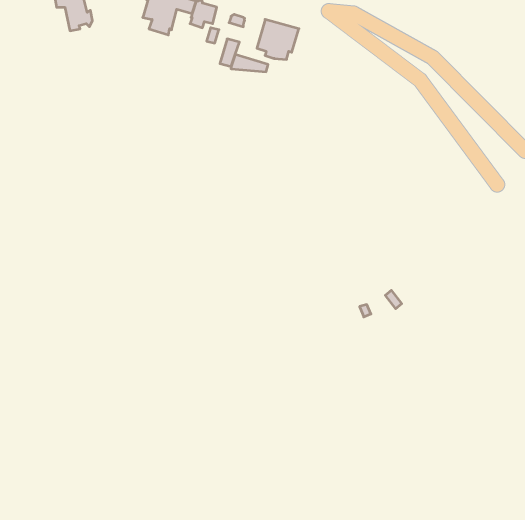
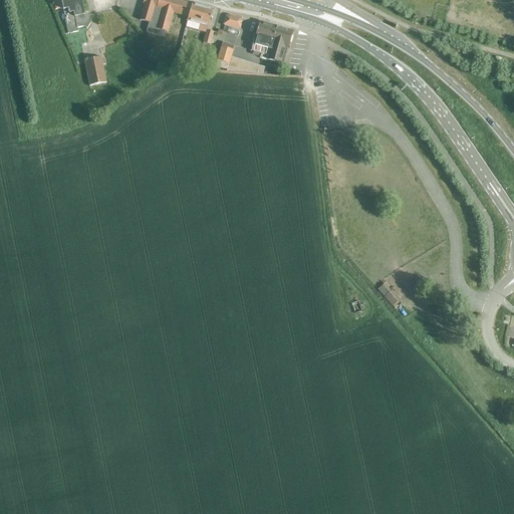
building: none -> [84,53,106,82]

